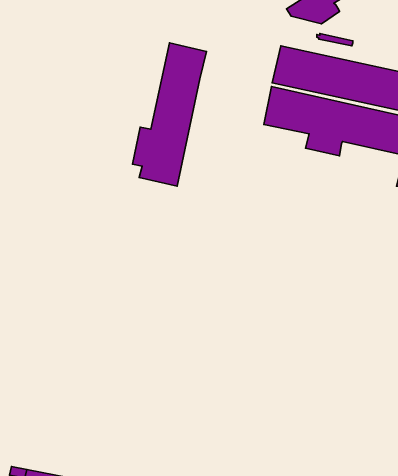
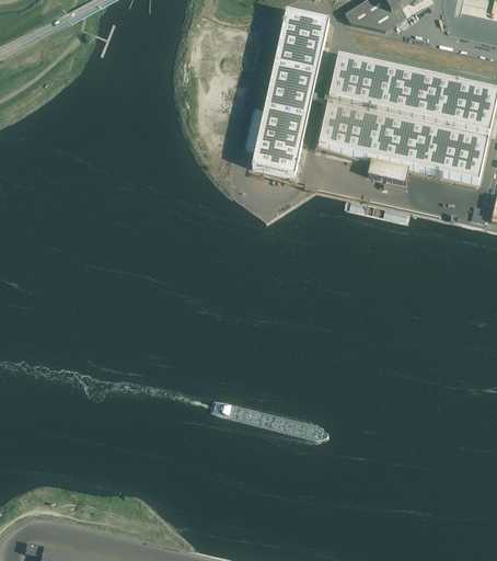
building: [133,43,207,186] -> [243,9,328,174]

